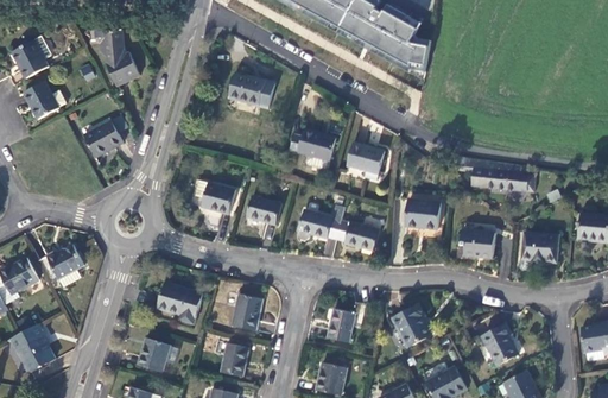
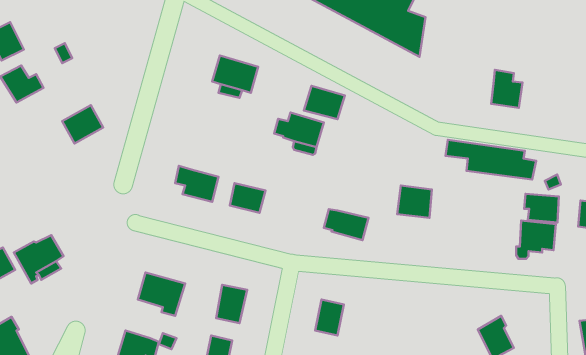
building: [99,30,140,84] -> none
building: none -> [491,70,523,108]
building: [346,140,385,172] -> [304,86,345,119]
building: [298,203,344,239] -> none
building: [462,229,495,257] -> [524,194,559,222]
building: [392,304,429,346] -> none

